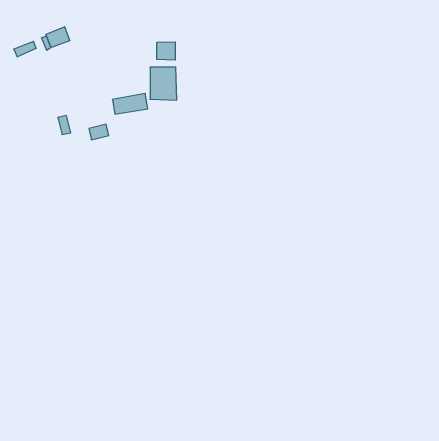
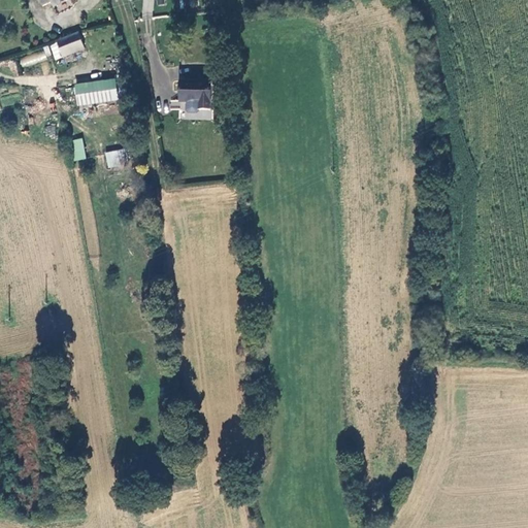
building: [157,42,175,60] -> none
building: [112,93,148,114] -> [75,79,118,104]

